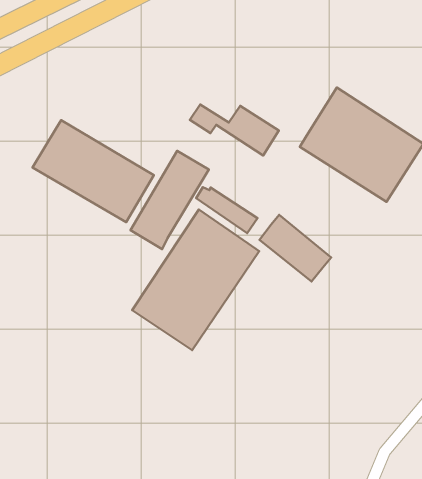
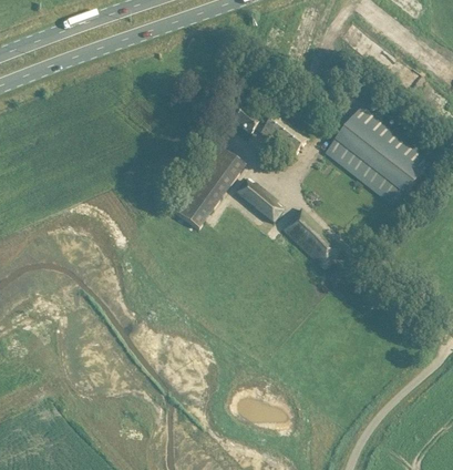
building: [33,120,154,222] -> none
building: [132,210,259,350] -> none

